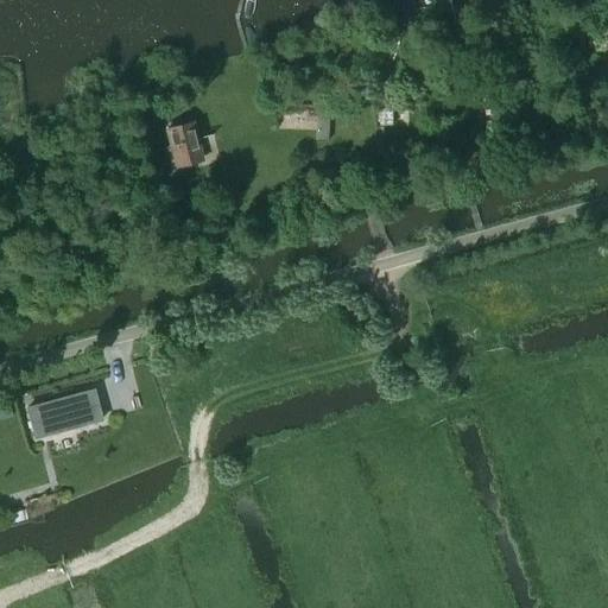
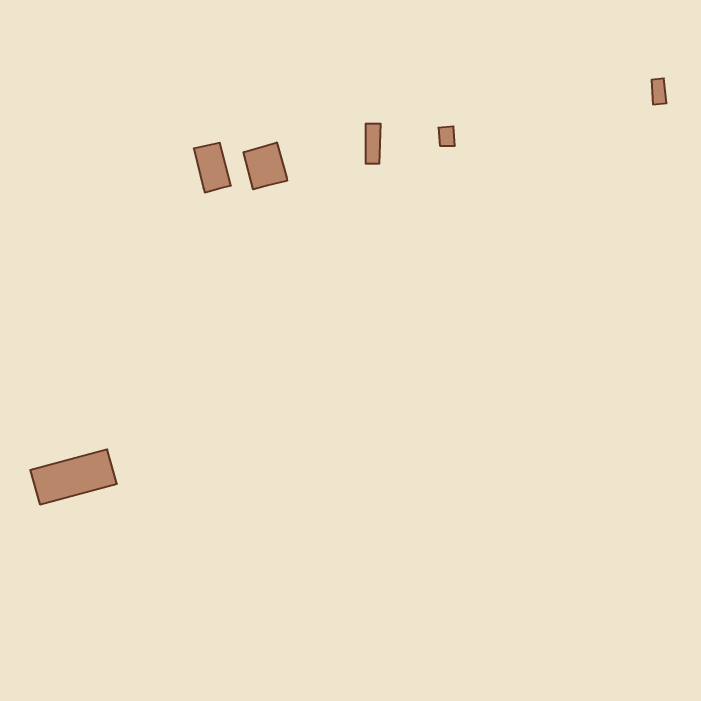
building: none -> [244,142,287,189]

